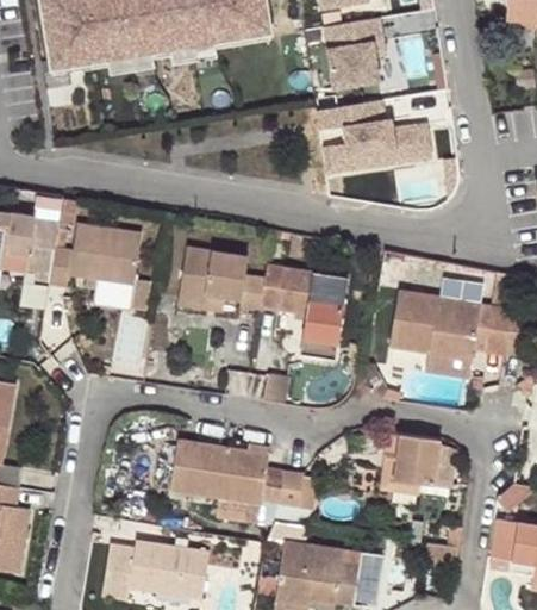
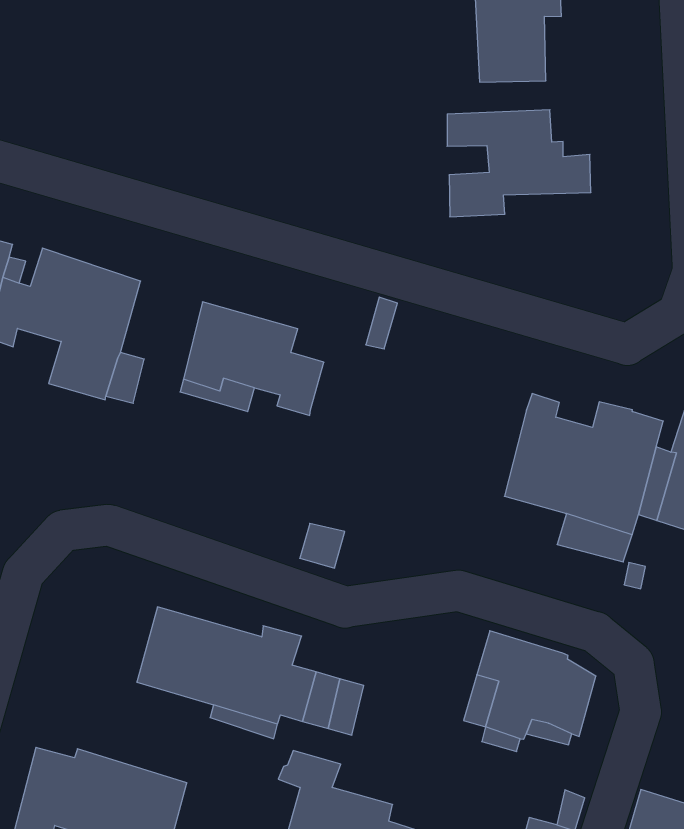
building: [363,122,438,168] -> none
building: [258,266,346,359] -> none

